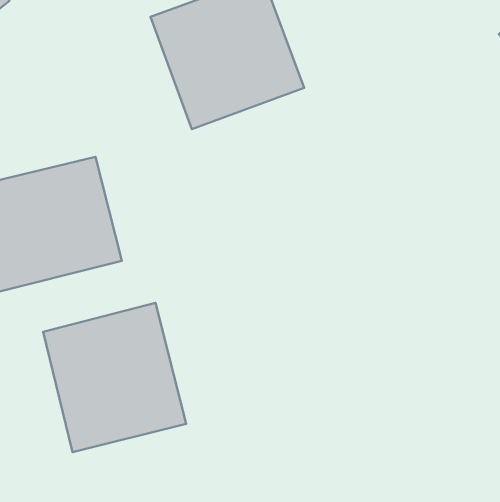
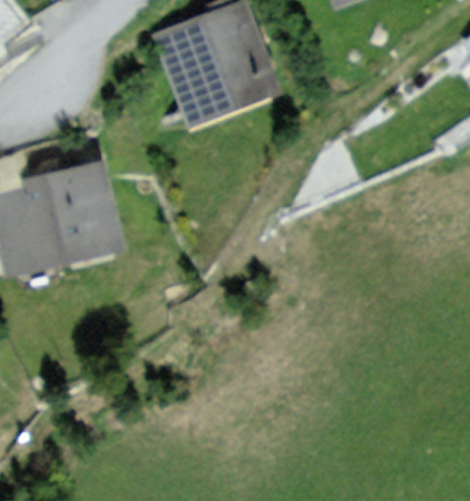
building: [43,303,186,452] -> none

